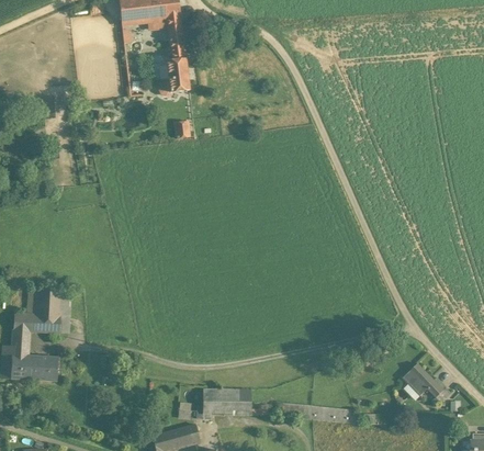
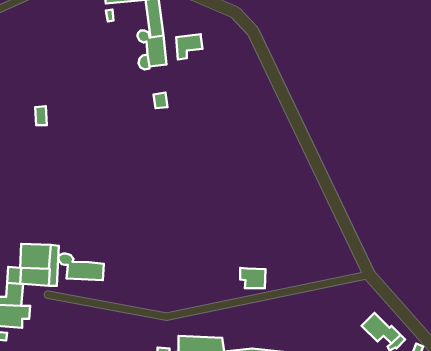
building: none -> [176,34,202,59]
building: none -> [58,253,104,280]
building: none -> [240,268,265,288]
building: [30,356,58,381] -> none

